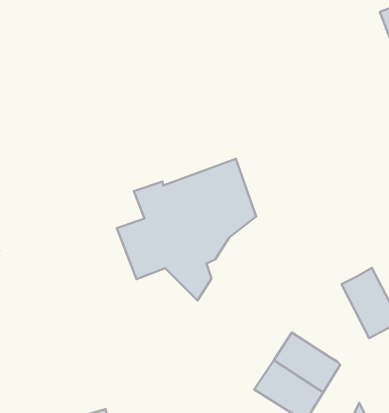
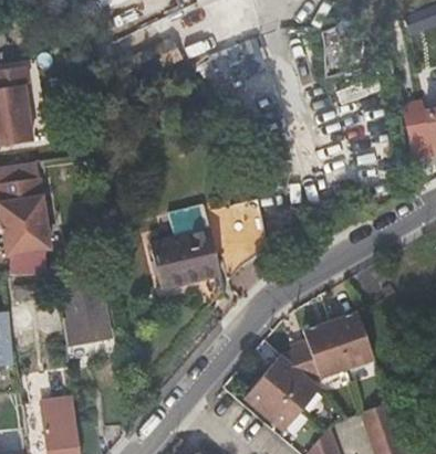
building: none -> [60,282,106,344]
building: none -> [284,320,349,380]

